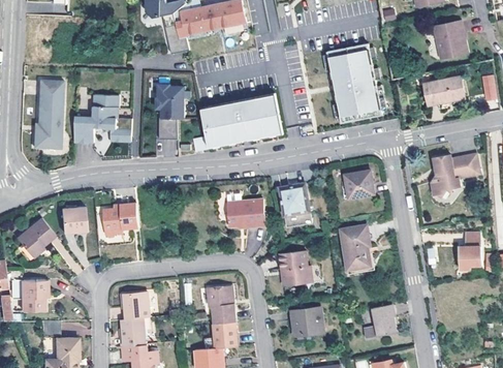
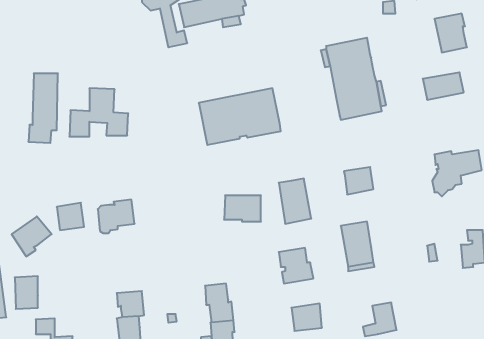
building: [157,83,190,137] -> none

